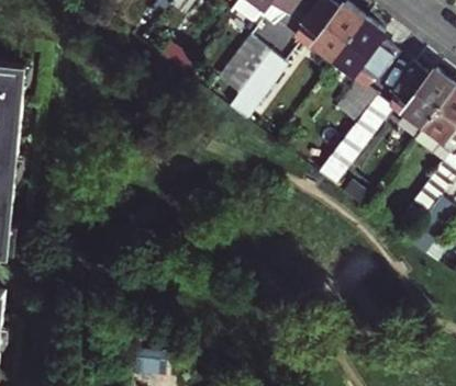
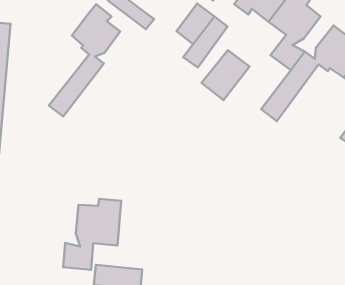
building: none -> [49,4,120,116]
building: none -> [202,50,250,100]
building: none -> [63,199,121,270]

